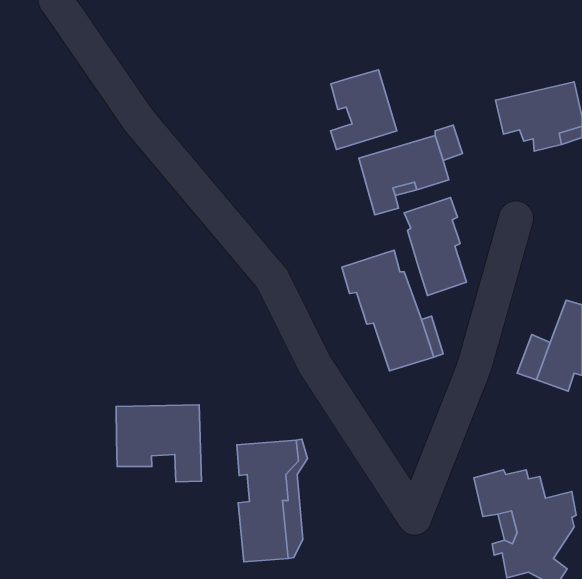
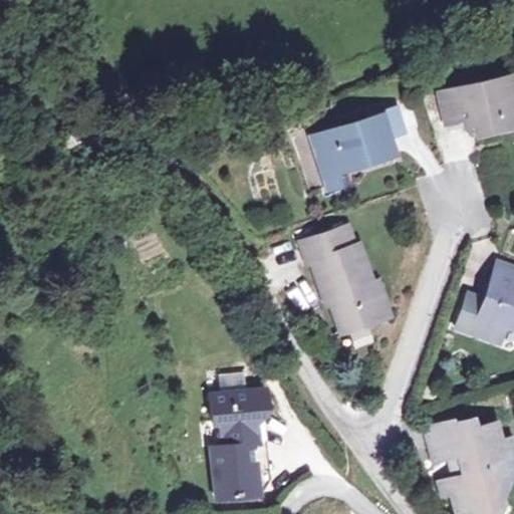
building: [330,70,397,150] -> none
building: [404,198,467,295] -> none
building: [116,405,202,482] -> none

